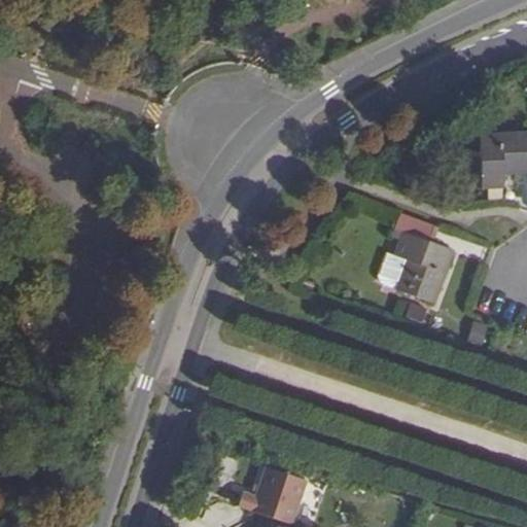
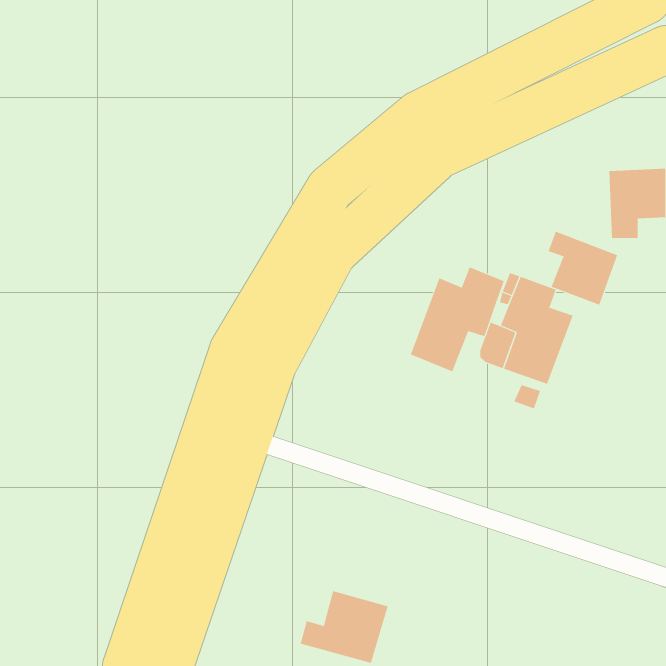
building: none -> [548,231,618,306]
building: none -> [410,267,504,372]

